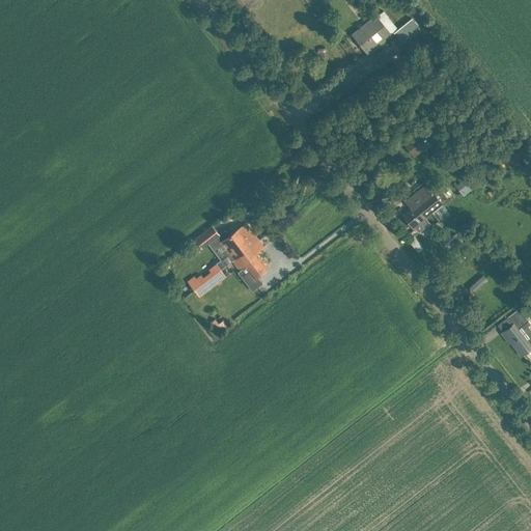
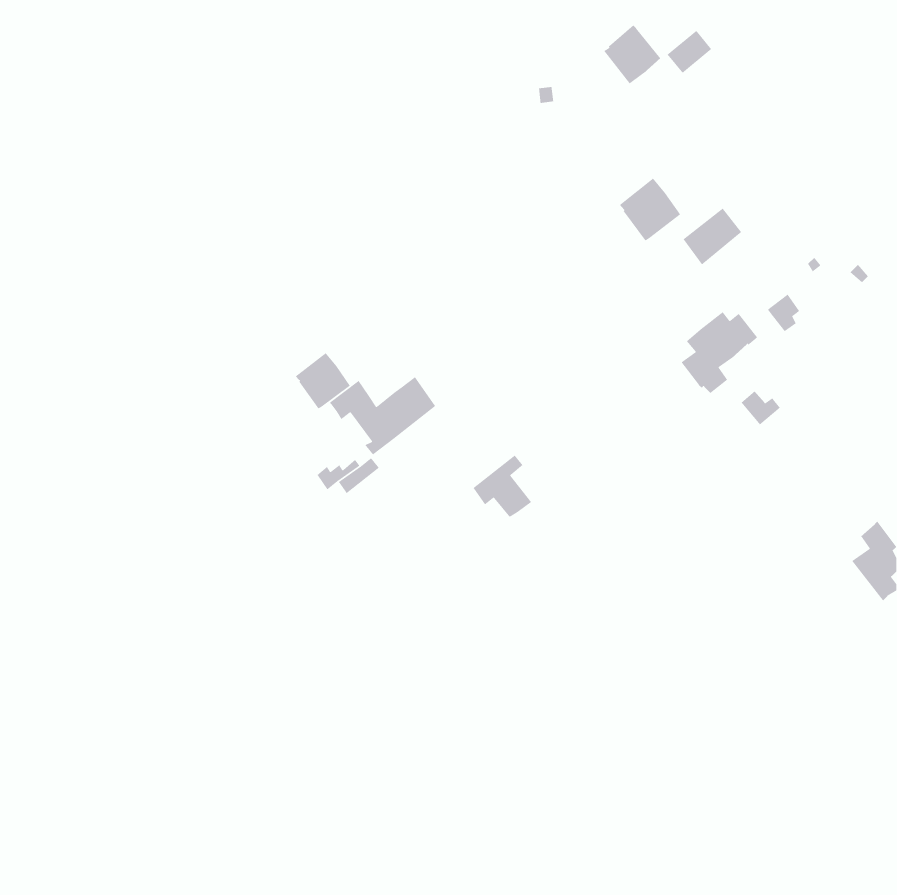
building: none -> [619,177,681,242]
building: none -> [295,352,351,409]
building: [232,242,268,279] -> [472,455,532,518]

